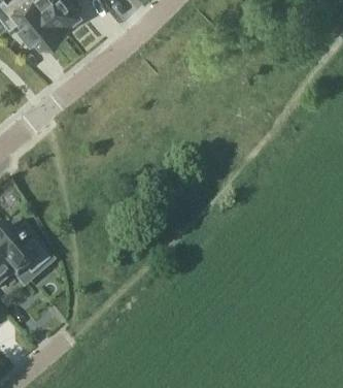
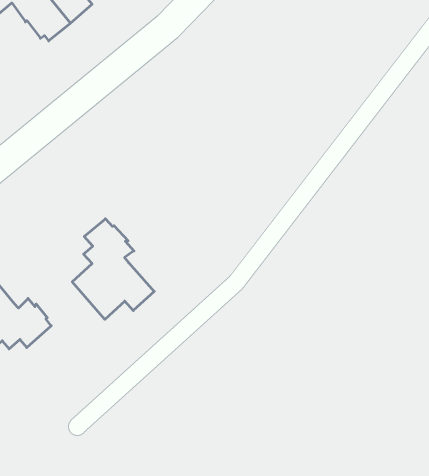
building: none -> [72,219,154,319]

